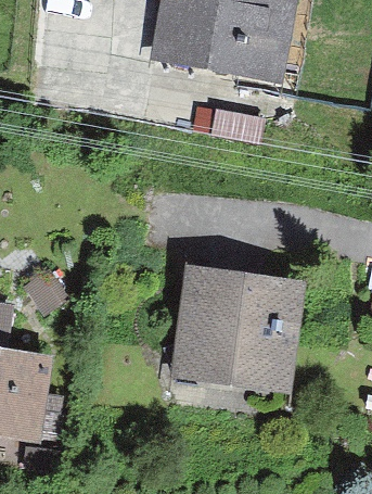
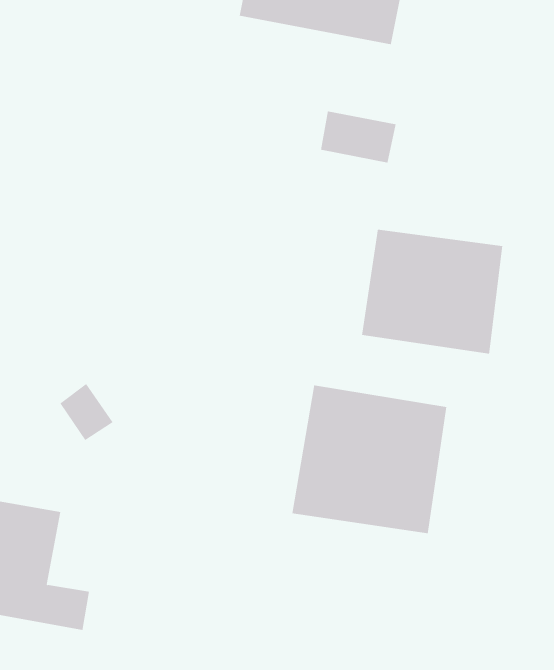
building: none -> [361,229,503,354]

